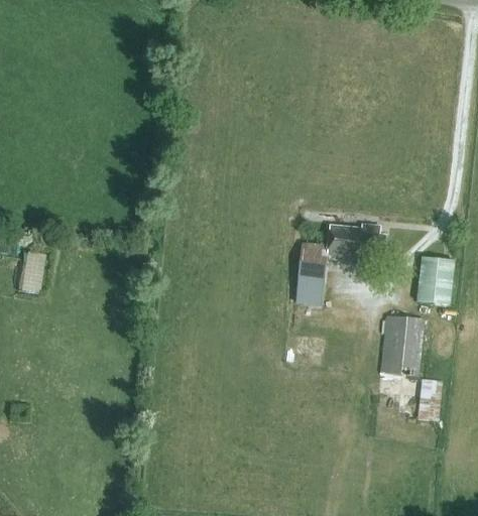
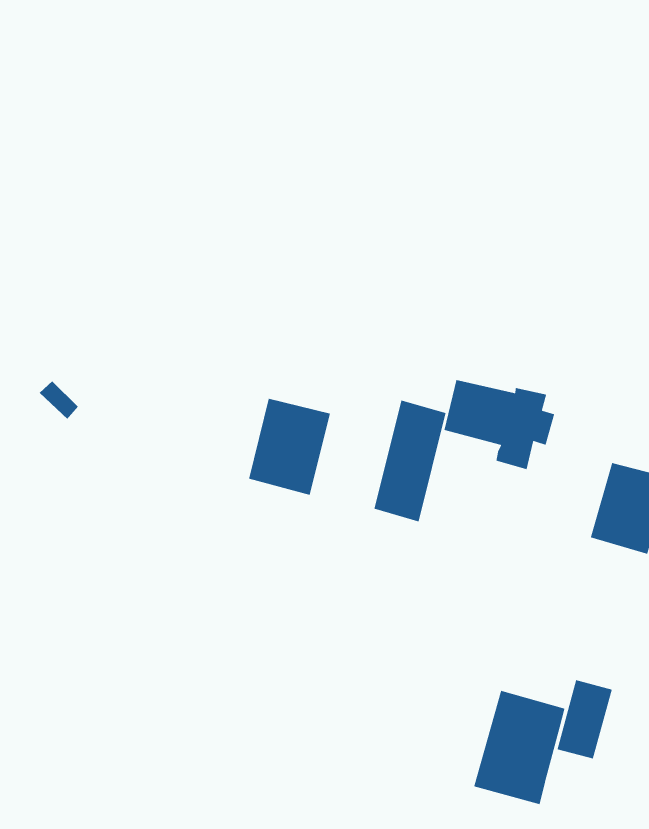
building: none -> [248,398,331,496]
building: [380,314,424,374] -> [473,690,566,805]

